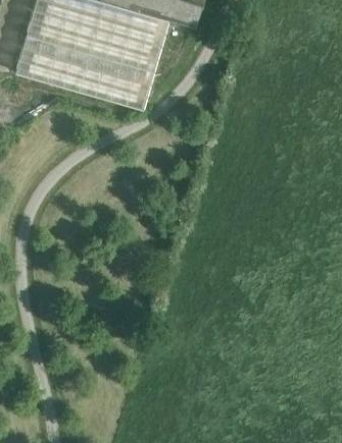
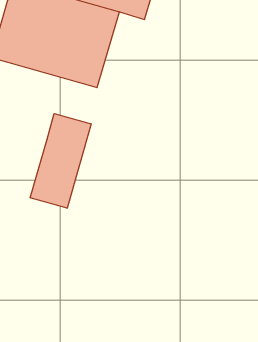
building: none -> [30,114,91,208]

